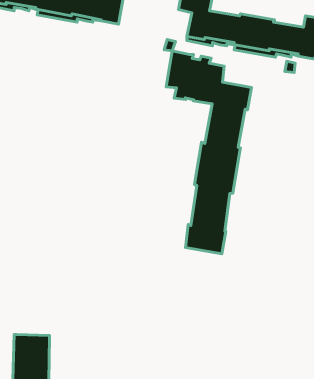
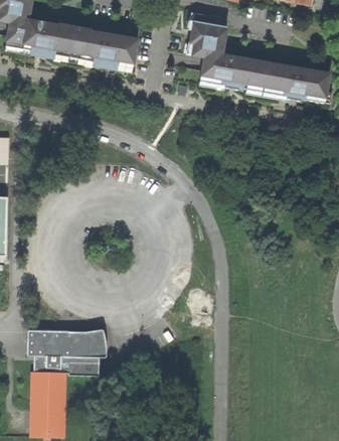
building: [166,51,251,254] -> none
building: none -> [26,328,107,375]

